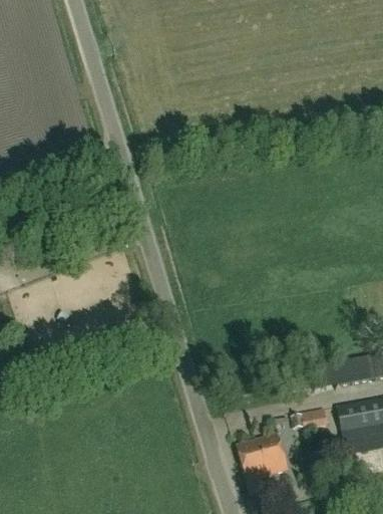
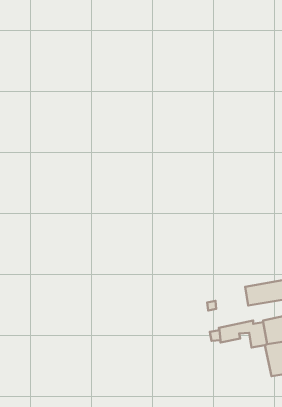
building: [236,432,287,493] -> none

